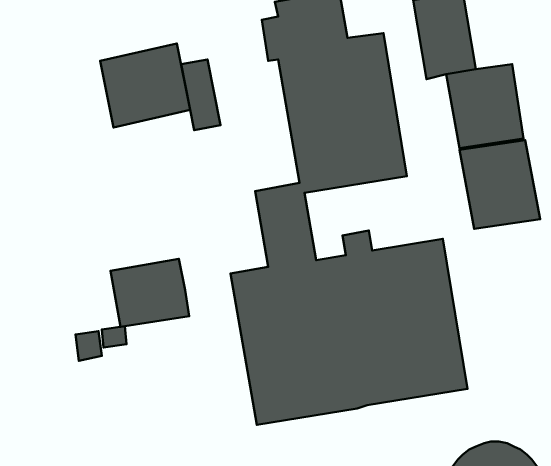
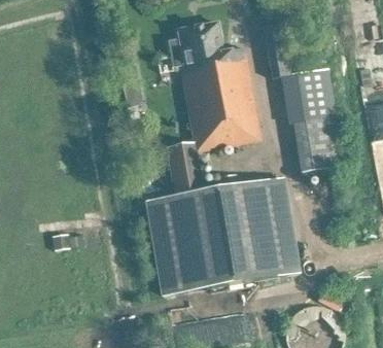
building: [100,44,190,127] -> none
building: [111,259,189,327] -> none

